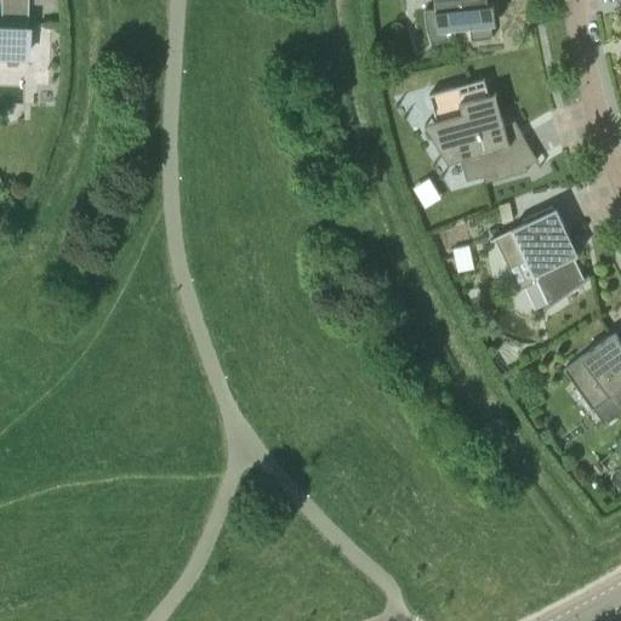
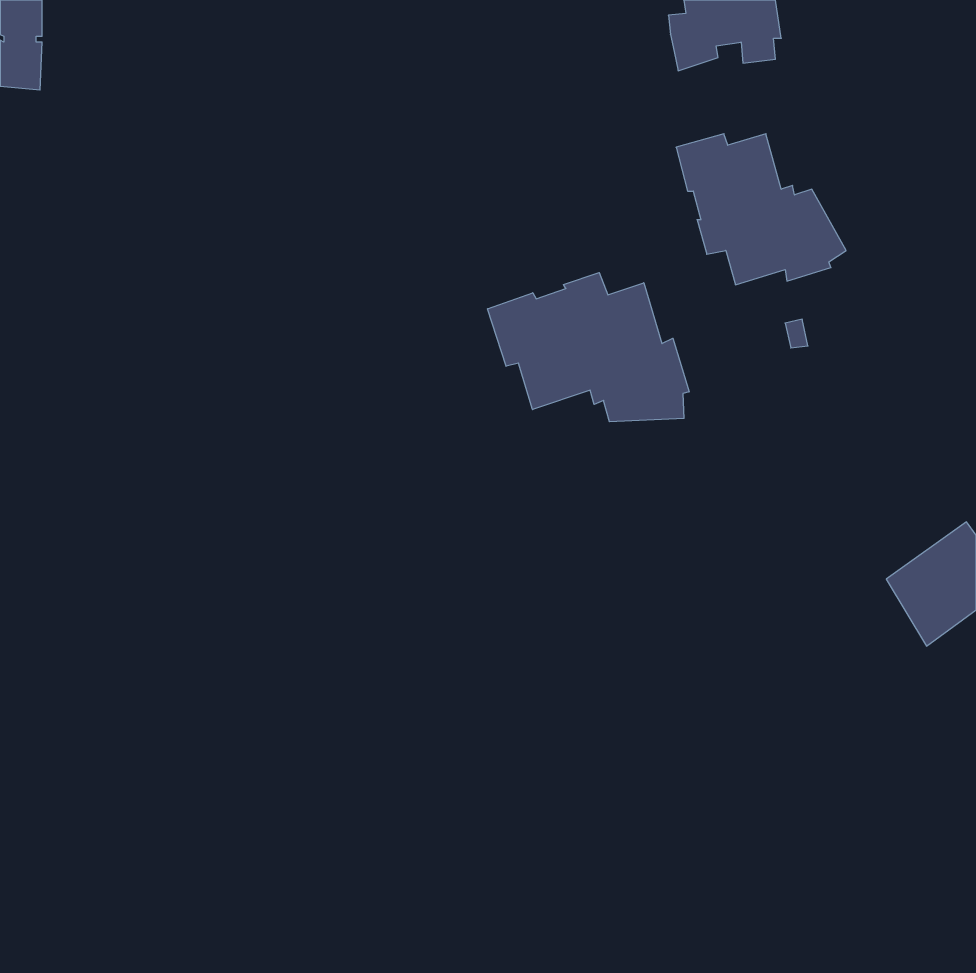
building: none -> [488,273,689,422]
building: [490,206,589,310] -> none

